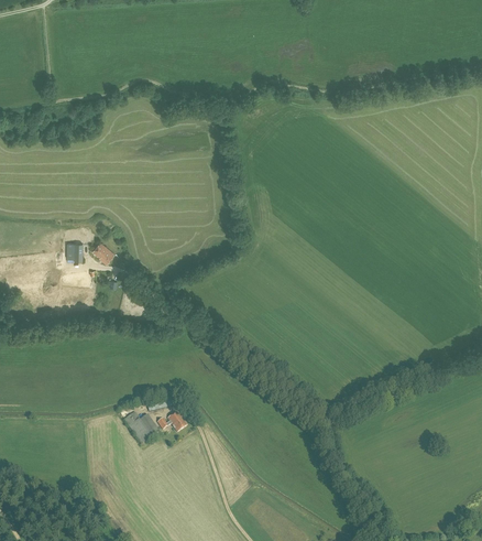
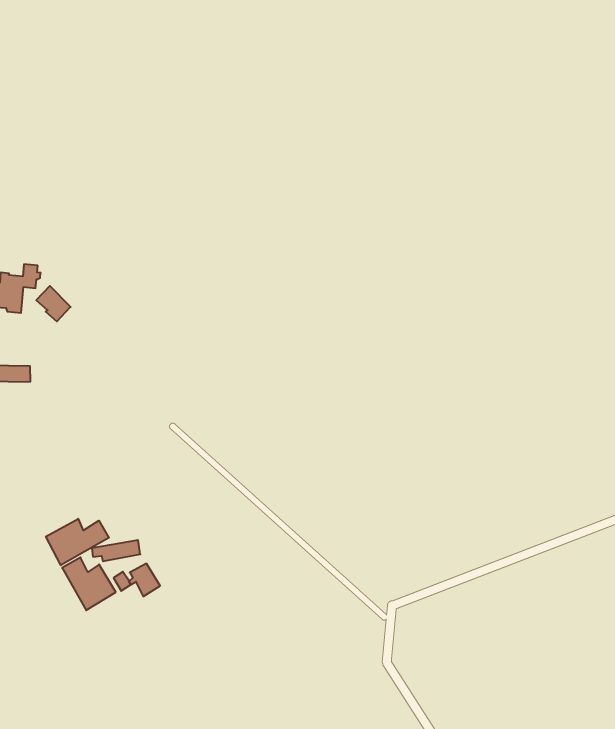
building: none -> [46,519,109,565]

